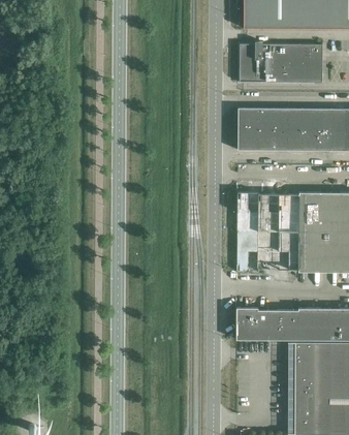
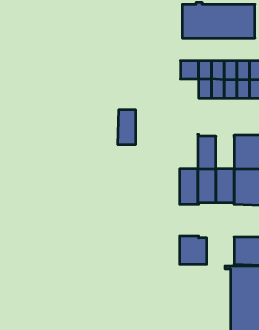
building: [237,129,258,151] -> none
building: [236,192,257,231] -> [118,110,136,144]
building: [278,194,298,231] -> none
building: [267,310,298,340] -> none

